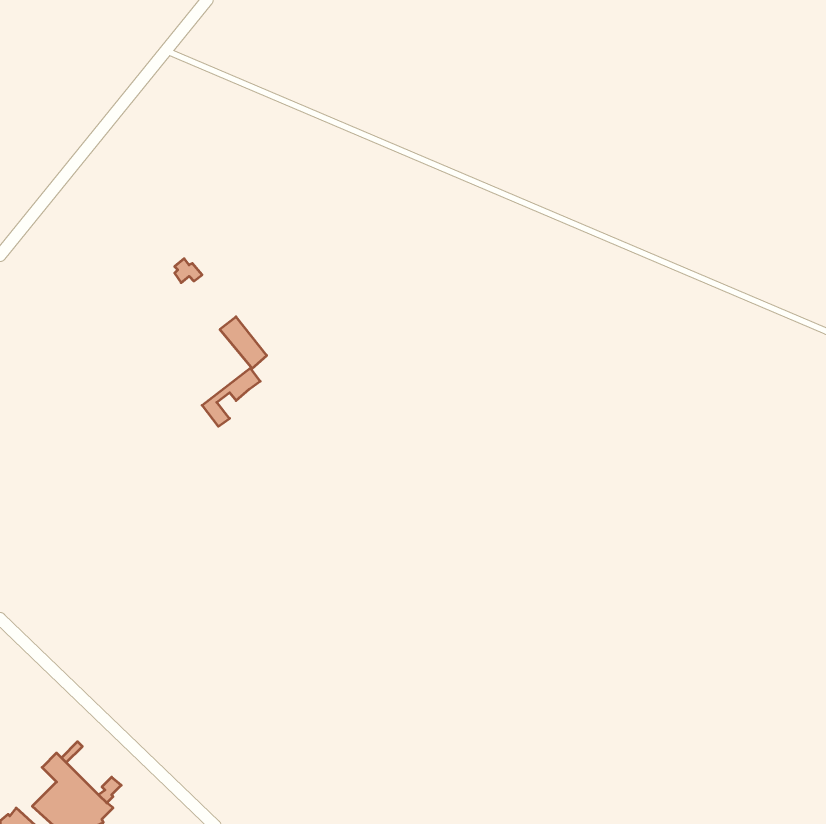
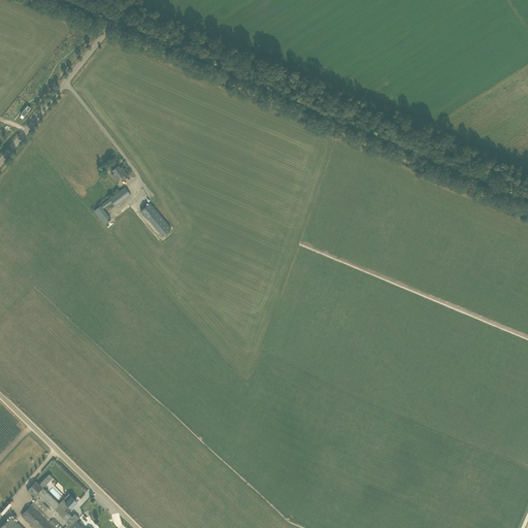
building: [202,368,260,426] -> [94,188,131,225]

